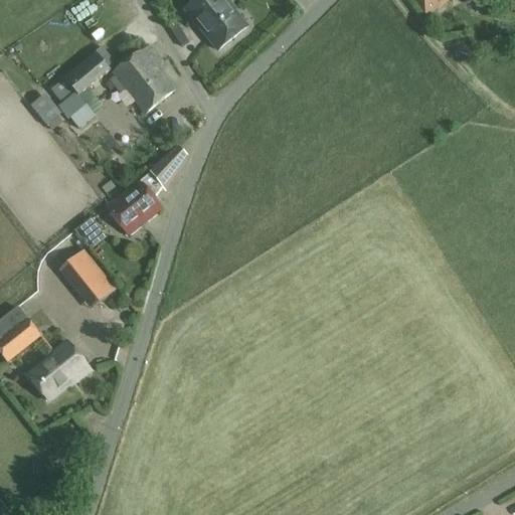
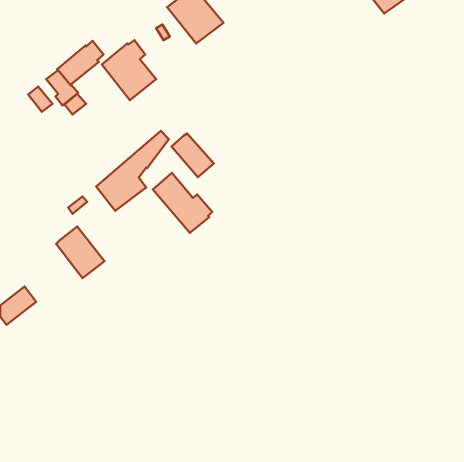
building: none -> [171,133,214,177]
building: none -> [153,173,212,233]
building: [28,341,91,400] -> none

